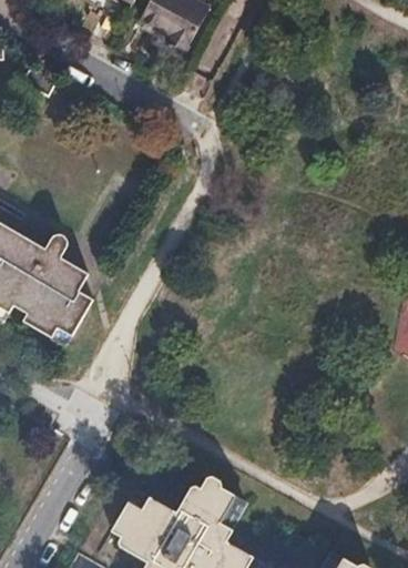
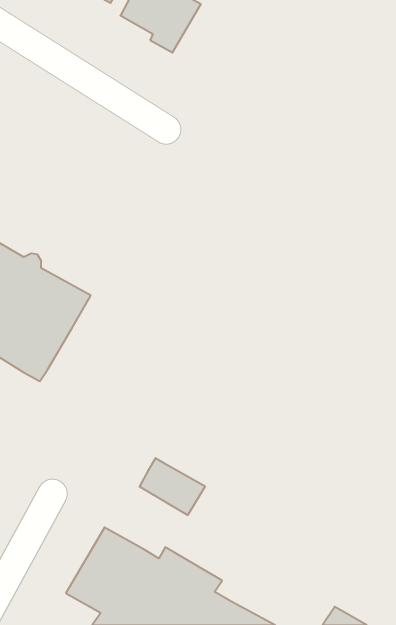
building: [185,476,244,527] -> [139,458,205,515]

